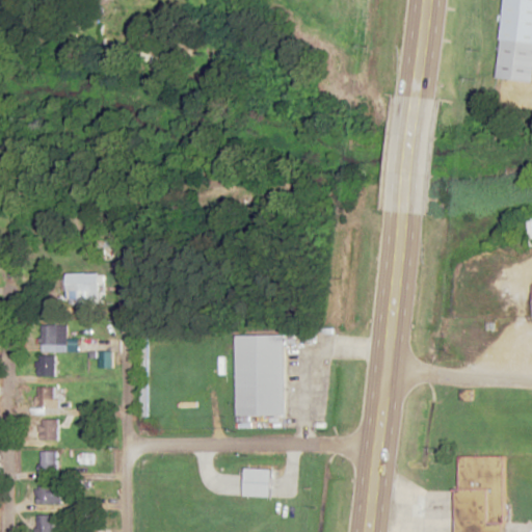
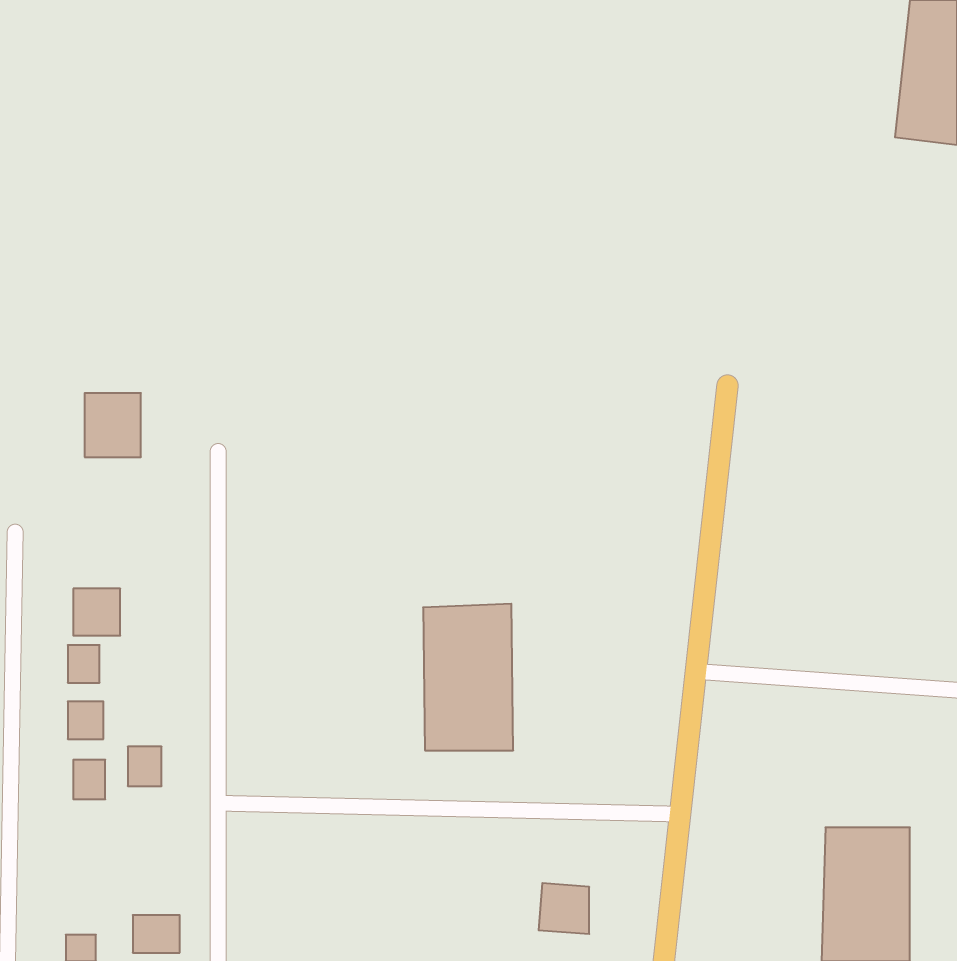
building: [69,273,100,309] -> [85,393,141,457]
building: [39,451,58,473] -> [128,747,162,786]
building: [242,469,270,497] -> [539,883,589,934]
building: [35,484,61,505] -> [133,915,180,953]

